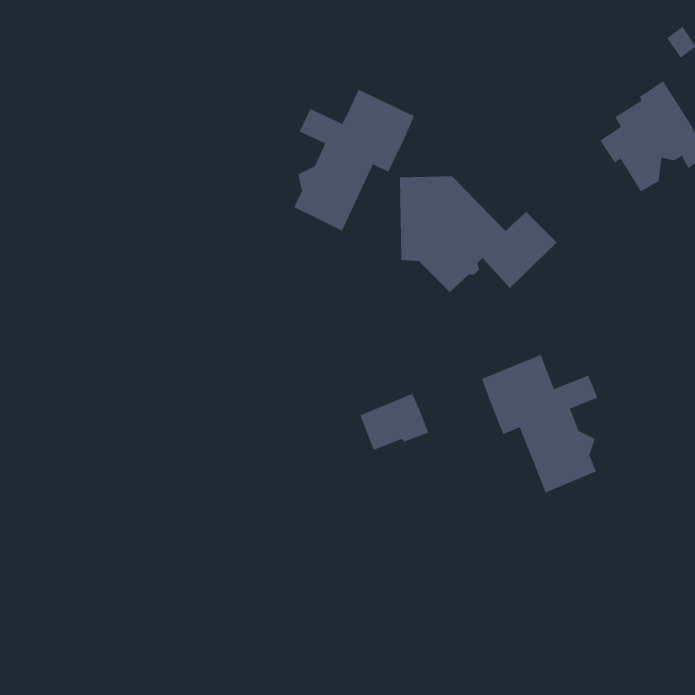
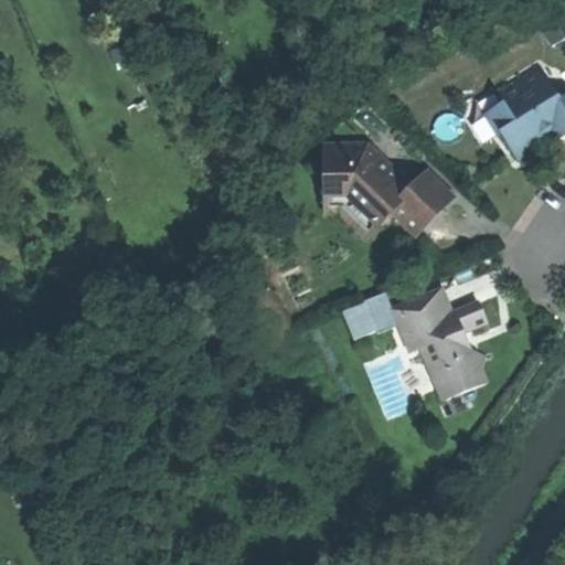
building: [294,89,415,232] -> none
building: [360,393,429,451] -> [341,292,397,339]

